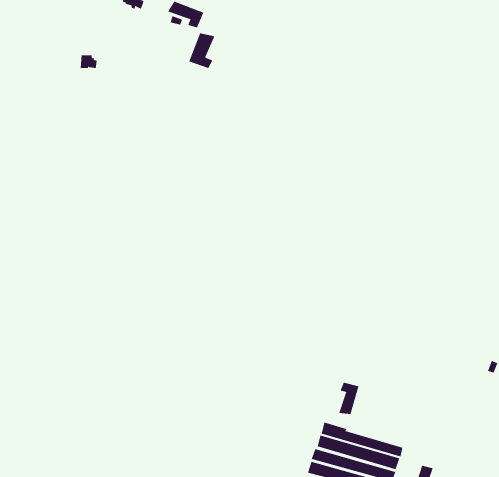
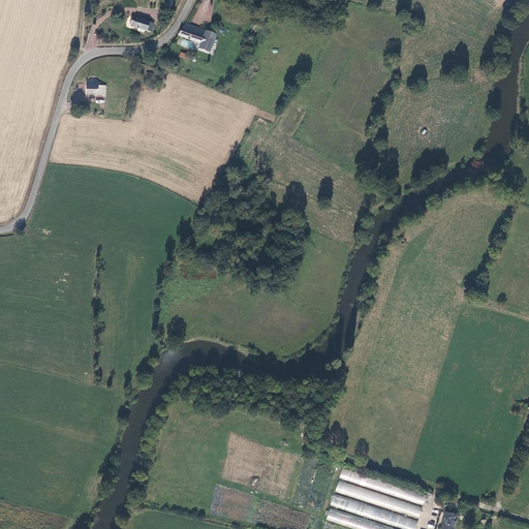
building: [189,33,215,69] -> none
building: [339,382,359,415] -> none

